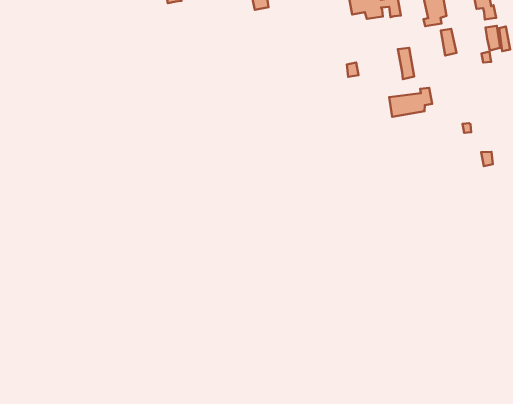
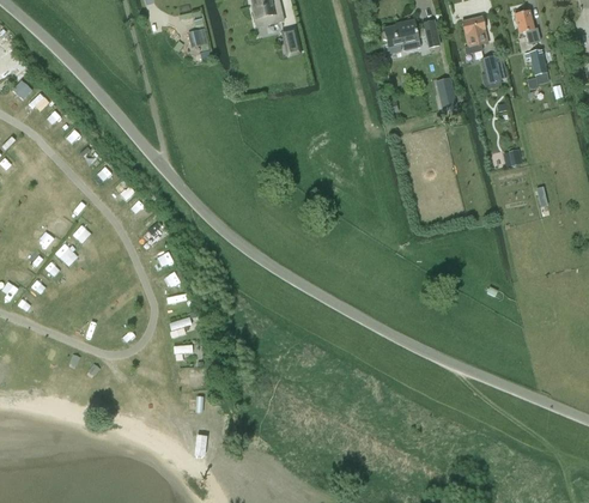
building: [389,88,432,117] -> none

